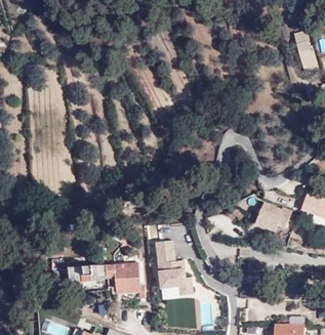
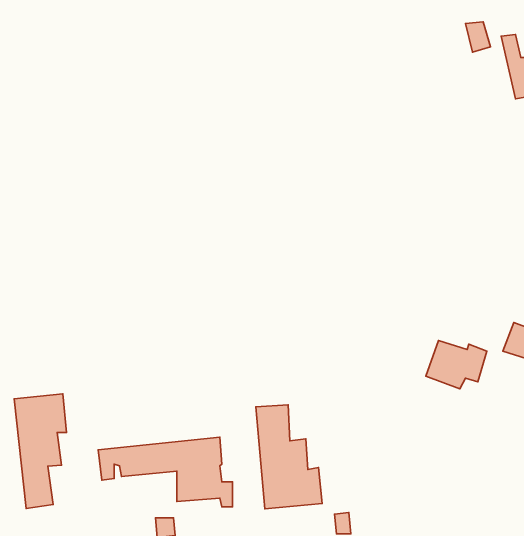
building: none -> [14,394,66,509]

